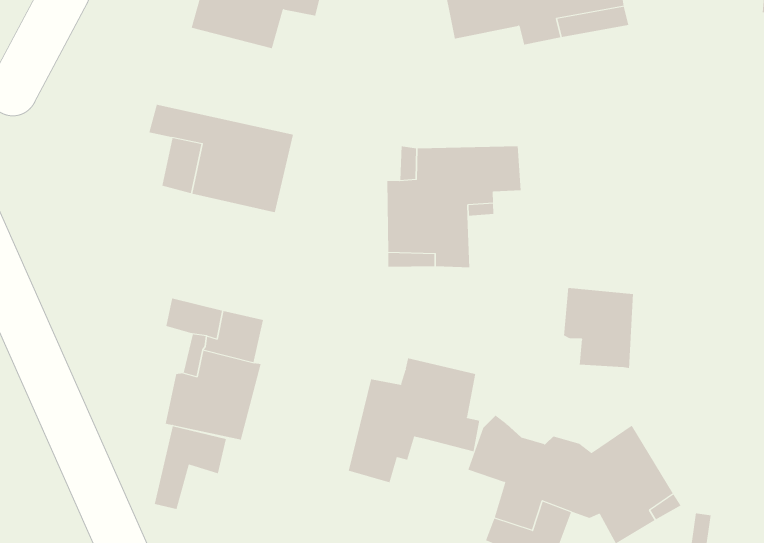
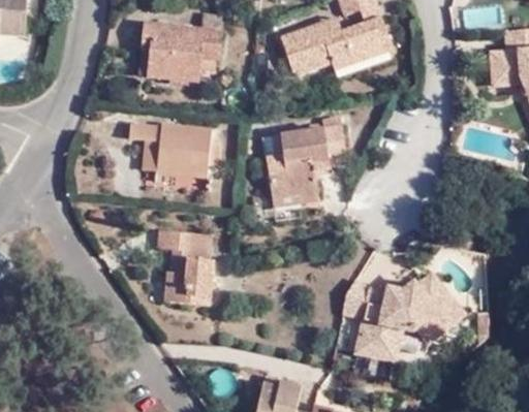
building: [564,287,633,369] -> none
building: [348,357,480,483] -> none
building: [154,425,226,510] -> none

